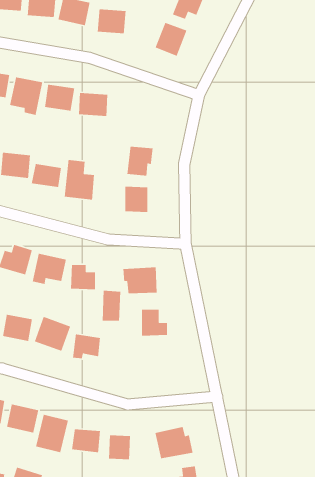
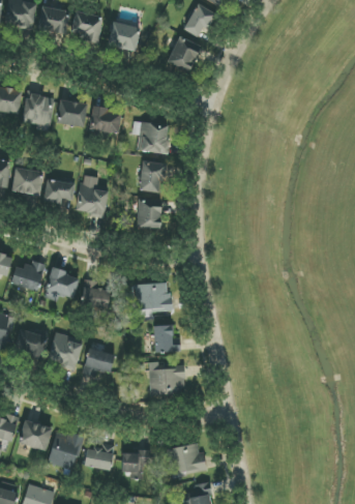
building: none -> [132,121,170,153]
building: [102,290,121,322] -> none
building: none -> [149,361,185,395]

